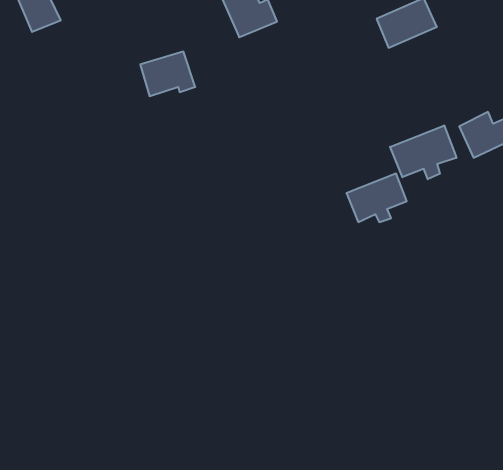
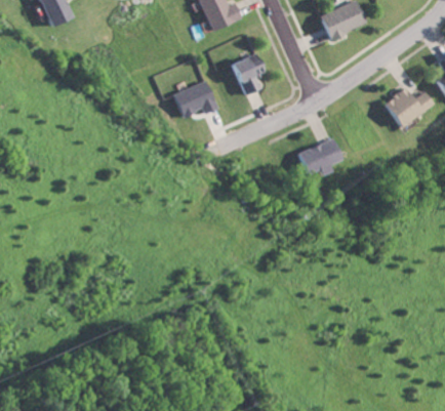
building: [140,52,195,96] -> [174,82,217,117]
building: none -> [232,53,267,95]
building: [390,125,456,179] -> none

